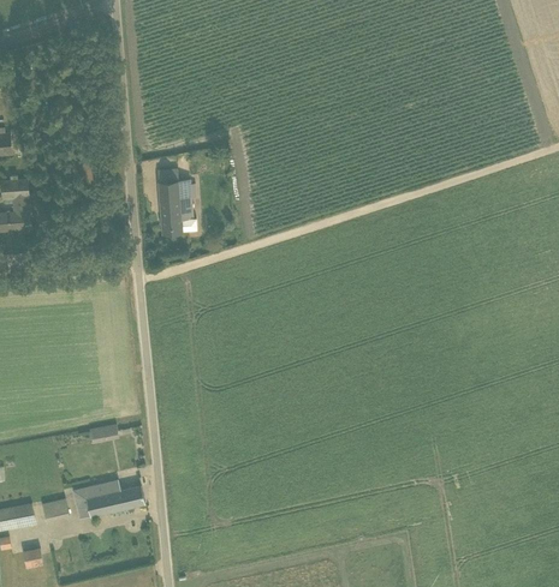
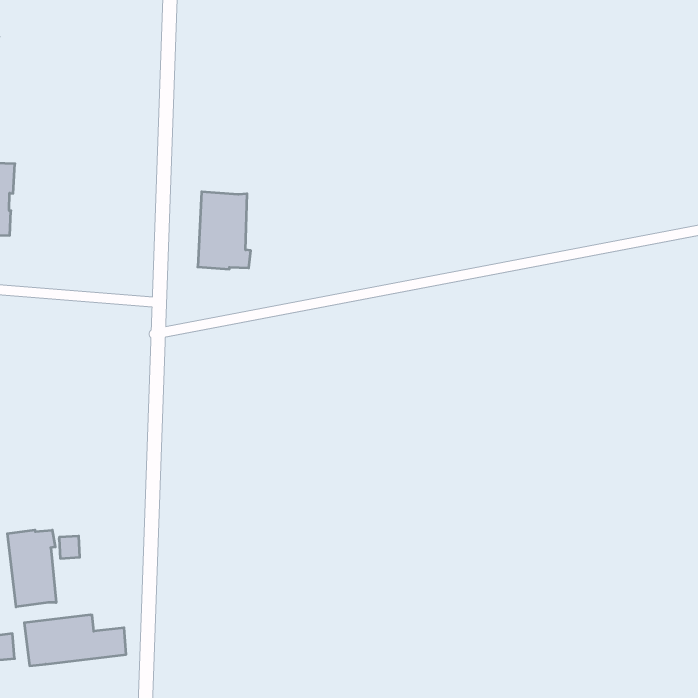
building: none -> [7,530,56,607]

